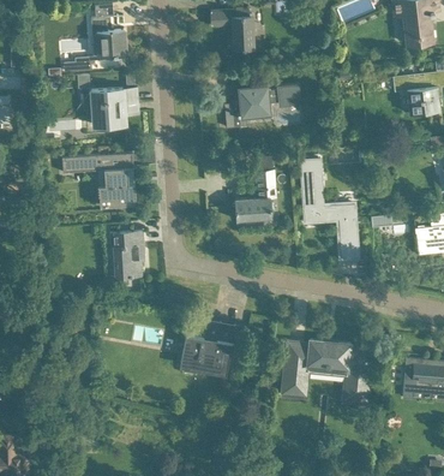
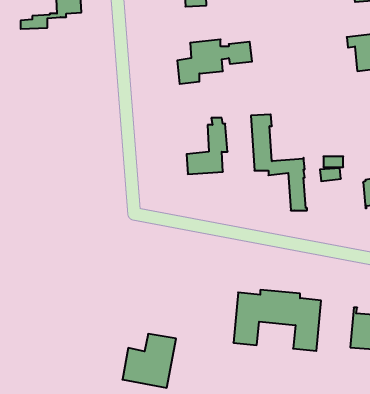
building: [90,88,138,127] -> none
building: [61,153,136,207] -> none
building: [109,232,143,278] -> none
building: [180,321,235,376] -> [122,334,176,388]

